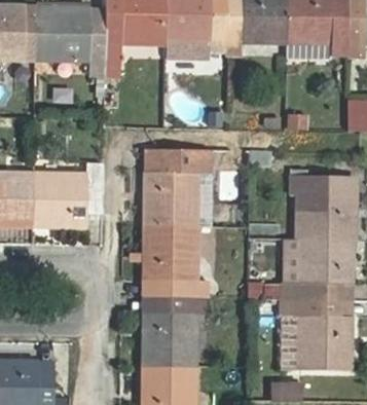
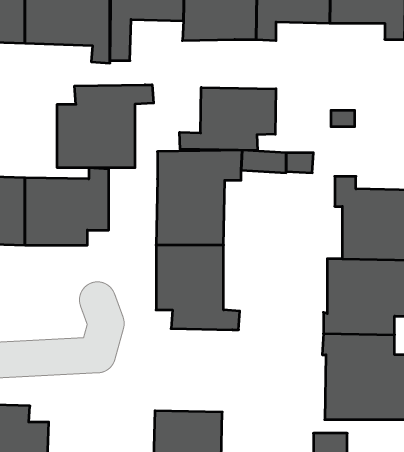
building: none -> [57,85,154,168]
building: none -> [180,87,276,151]
building: [142,295,206,364] -> none

